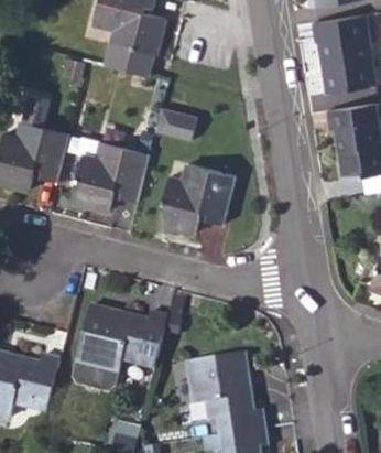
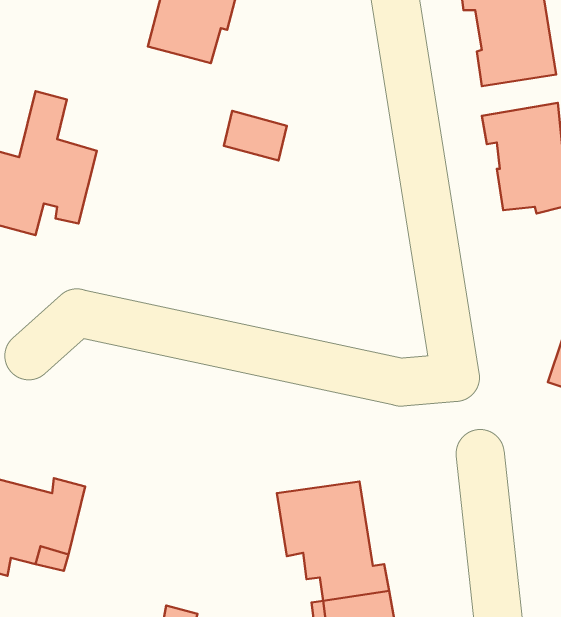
building: [70,136,149,212] -> none
building: [156,164,235,234] -> none
building: [73,306,166,393] -> none

